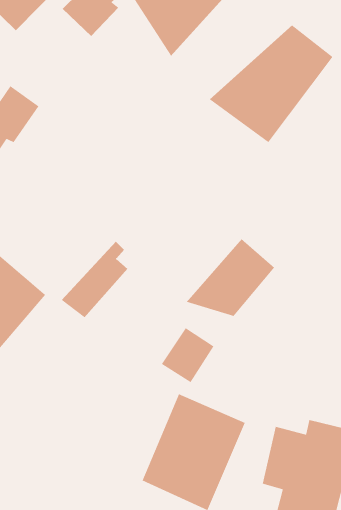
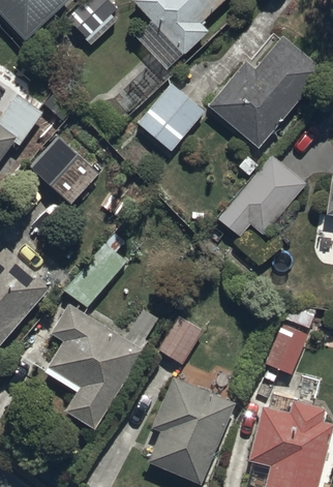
building: none -> [137,82,206,153]
building: none -> [28,133,99,204]
building: [185,238,275,317] -> [215,158,298,231]
building: none -> [50,304,158,429]
building: none -> [264,322,310,375]

